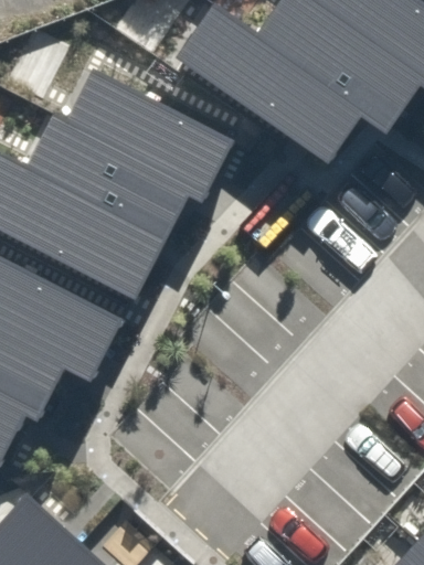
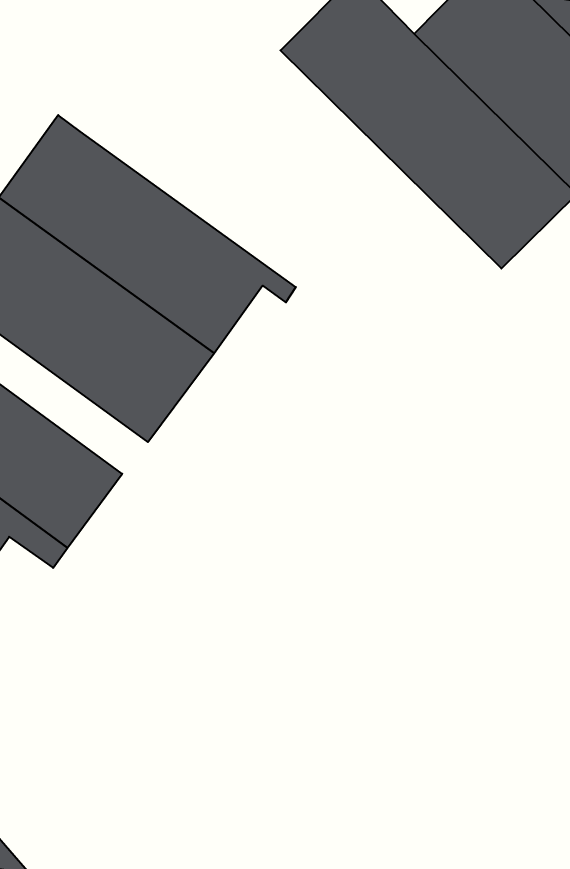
building: [66,68,235,194] -> none

